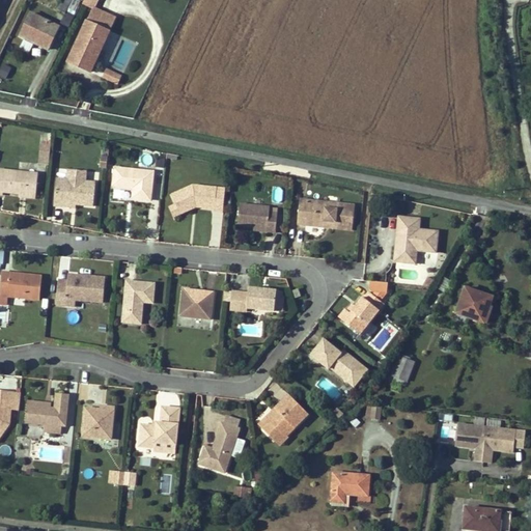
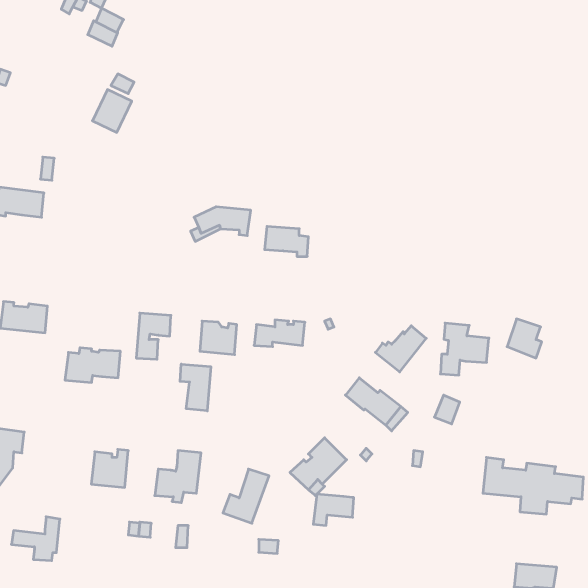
building: [18,11,57,48] -> none
building: [65,31,101,69] -> [92,90,132,132]
building: [115,167,153,198] -> none
building: [54,177,96,205] -> none
building: [297,198,355,229] -> none
building: [394,215,438,261] -> [440,323,489,375]
building: [56,274,106,305] -> [65,348,120,382]
building: none -> [180,364,211,411]
building: [26,389,69,428] -> [11,517,60,561]
building: [330,473,366,501] -> [313,494,354,525]

